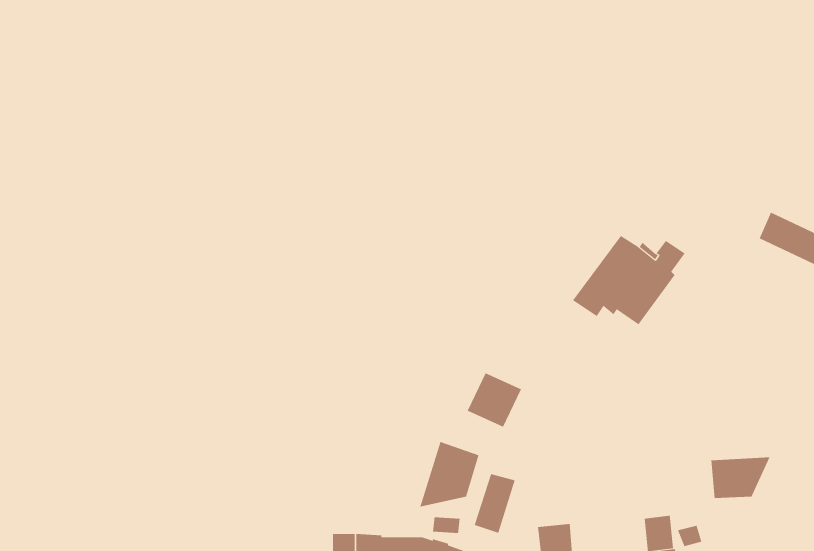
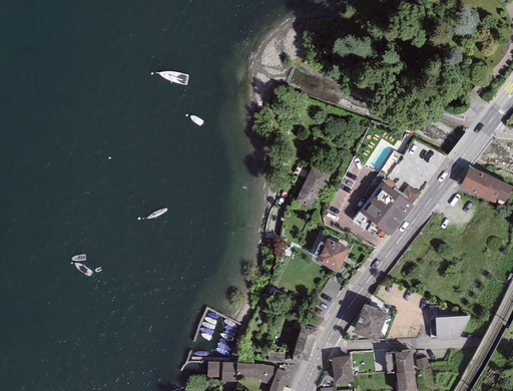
building: none -> [296,166,327,208]
building: [467,372,522,427] -> [317,238,350,271]
building: none -> [353,304,387,341]
building: [420,441,479,507] -> none

